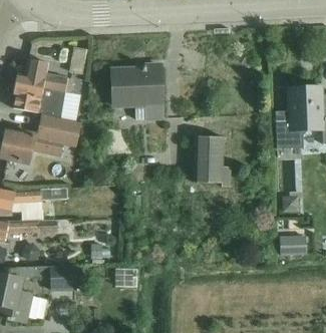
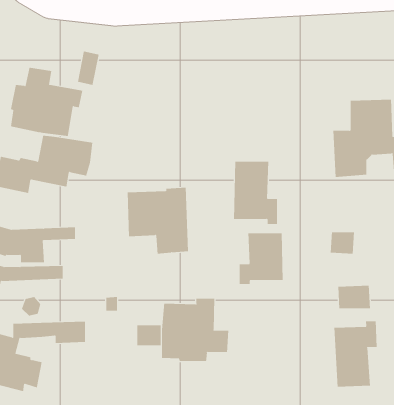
building: [112,65,162,119] -> [127,187,189,254]
building: none -> [239,233,283,285]
building: none -> [161,298,229,362]
building: none -> [334,320,377,387]

